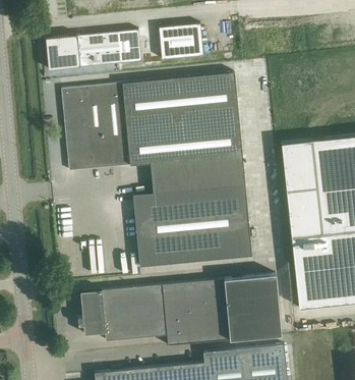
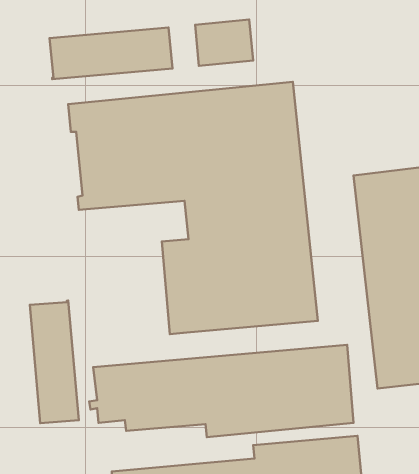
building: none -> [30,301,79,423]

